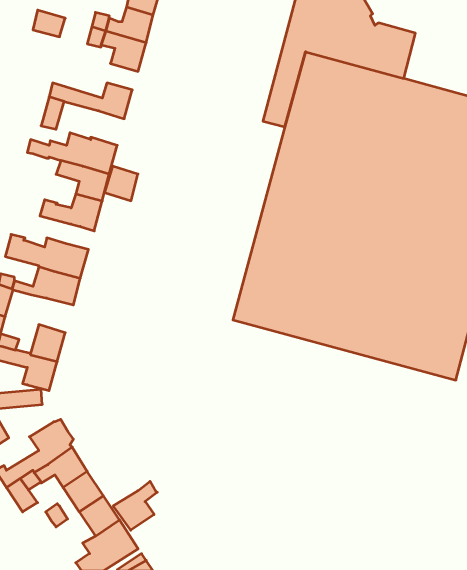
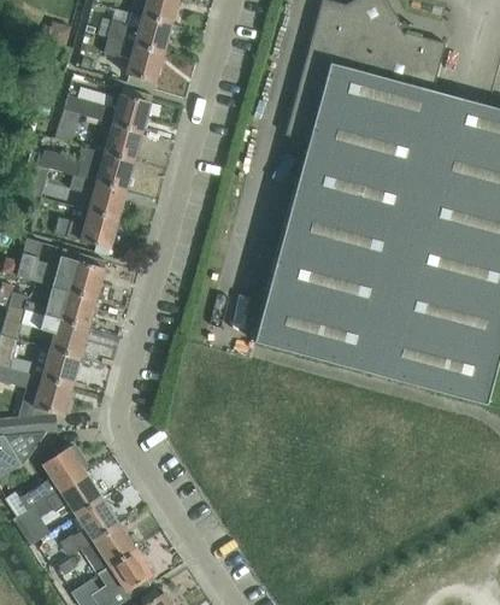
building: [104,166,138,201] -> [106,123,141,159]
building: none -> [40,315,88,354]
building: [113,481,157,530] -> none

